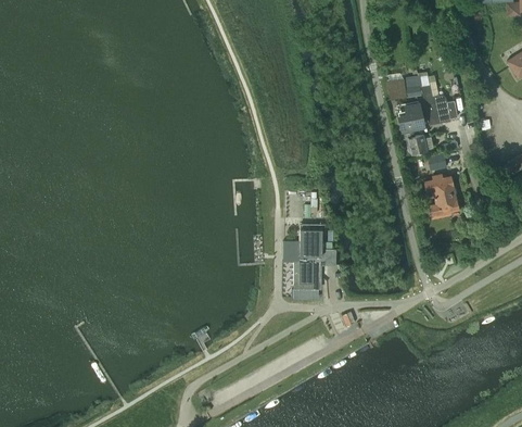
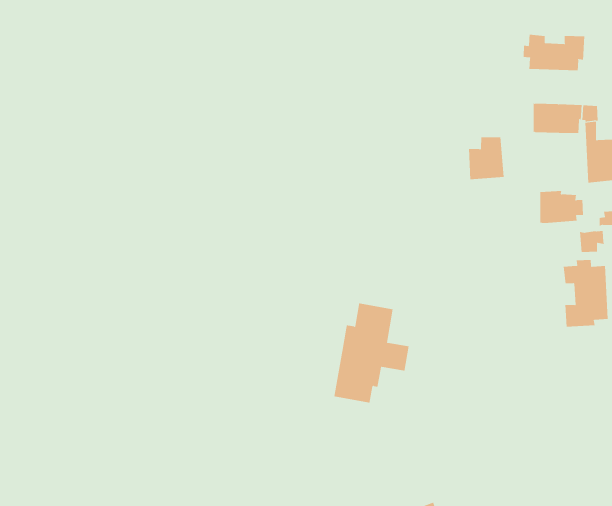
building: none -> [523,34,585,71]
building: [399,102,425,133] -> [468,137,504,180]

